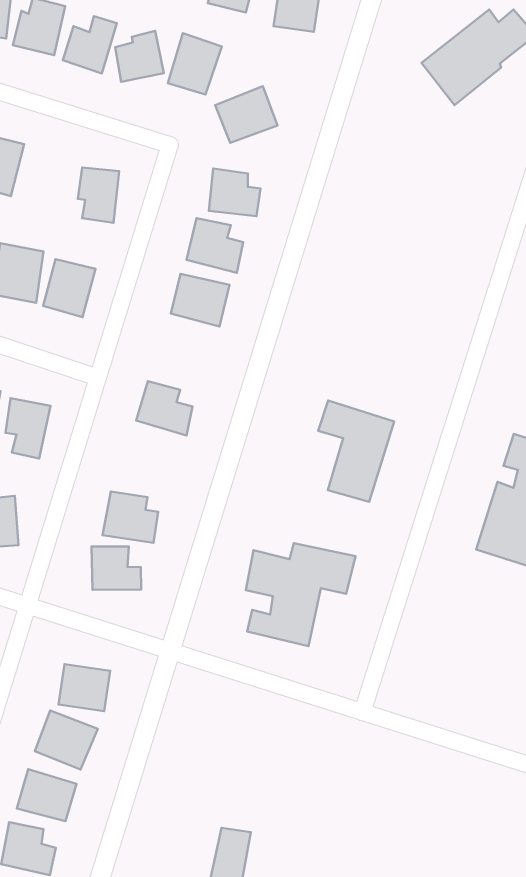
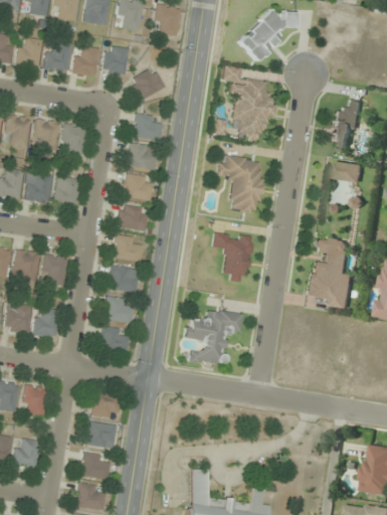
building: none -> [223,67,272,142]
building: none -> [33,120,58,151]
building: none -> [216,156,262,214]
building: none -> [118,205,148,232]
building: none -> [109,267,138,292]

